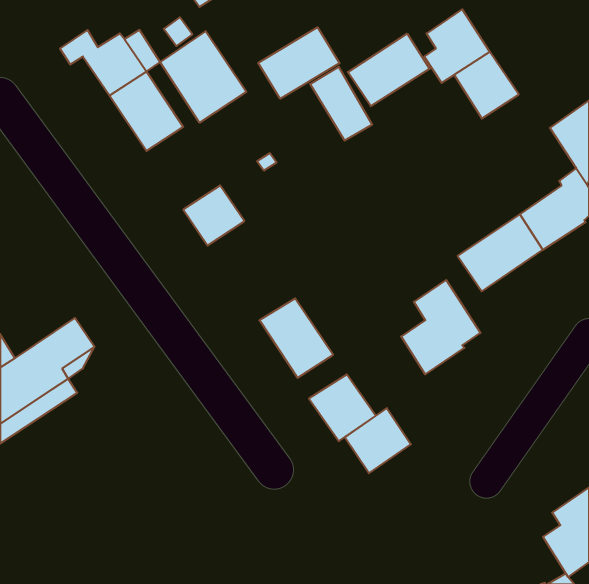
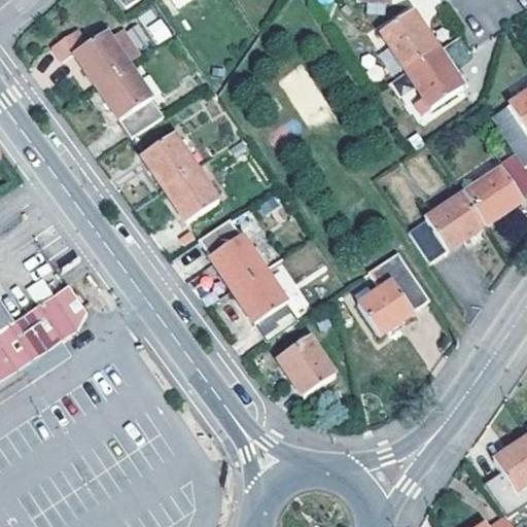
building: [258,27,340,99] -> none
building: [160,31,246,123] -> none
building: [348,34,430,106] -> none
building: none -> [141,132,197,187]
building: none -> [198,215,264,286]
building: [345,408,411,473] -> none

